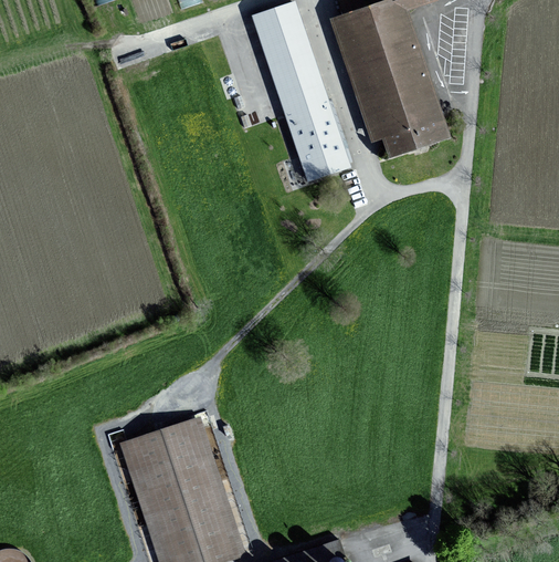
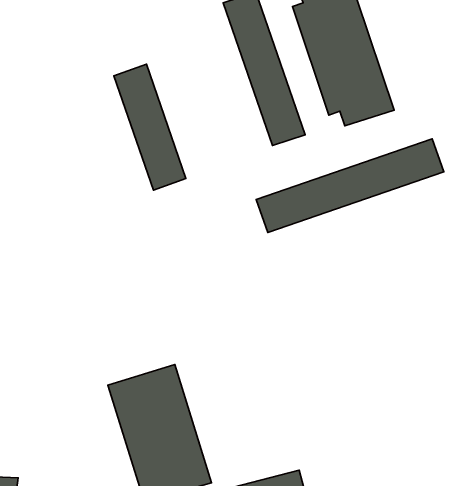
building: none -> [114,64,186,190]
building: none -> [256,139,444,232]

